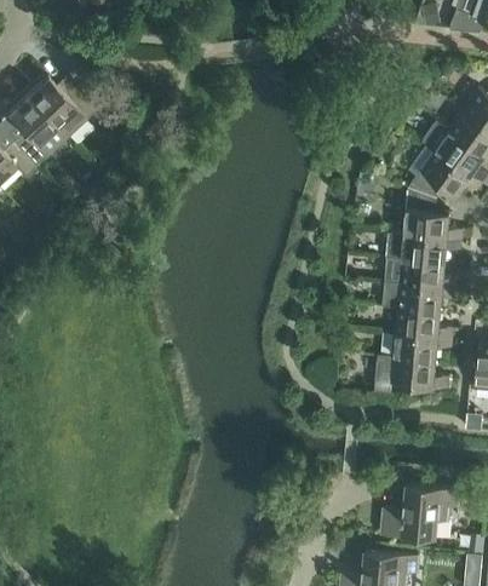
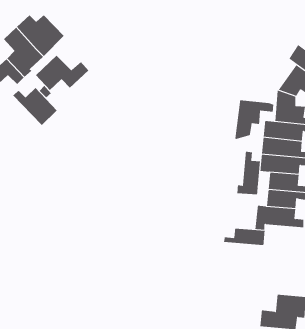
building: none -> [35,55,89,91]
building: none -> [12,87,58,126]
building: none -> [235,100,274,140]
building: none -> [237,151,260,195]
building: none -> [223,228,265,246]

